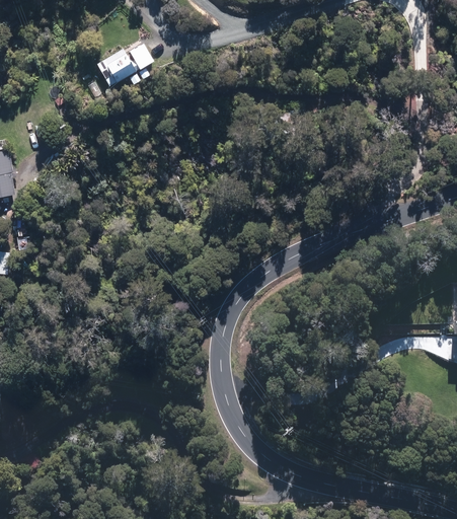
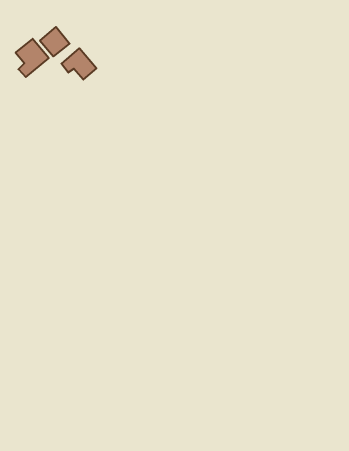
building: none -> [61,48,96,80]

